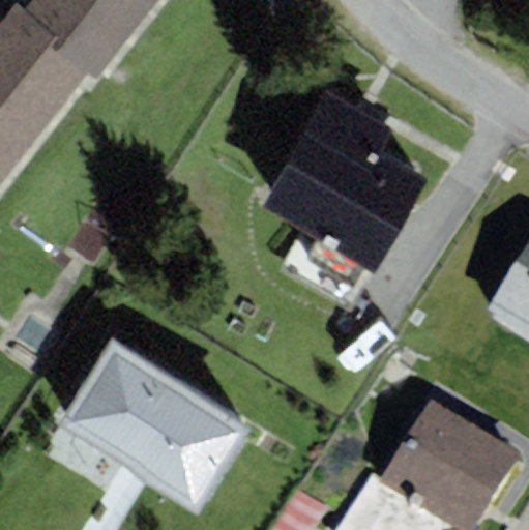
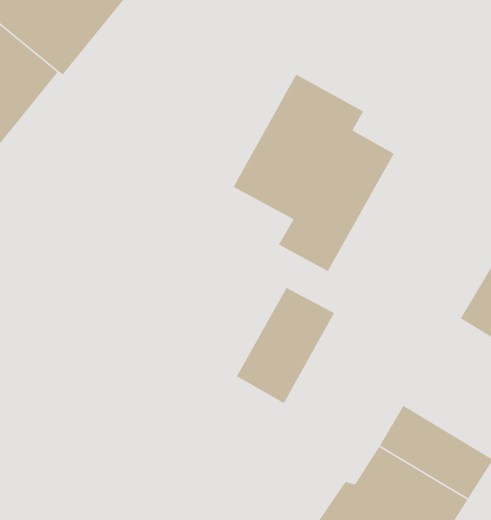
building: none -> [236,287,335,404]
building: [52,326,243,497] -> none

